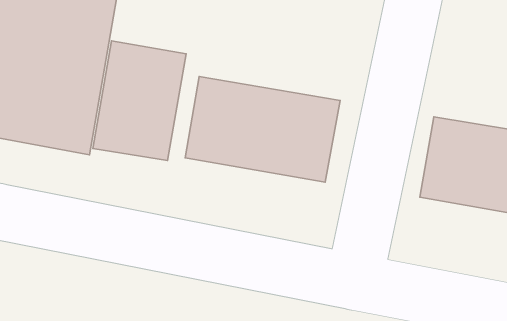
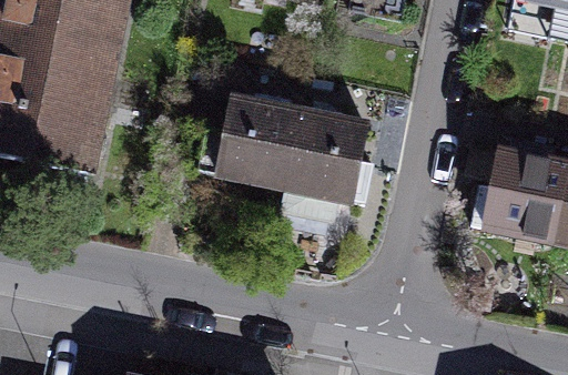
building: [93,41,186,161] -> none

